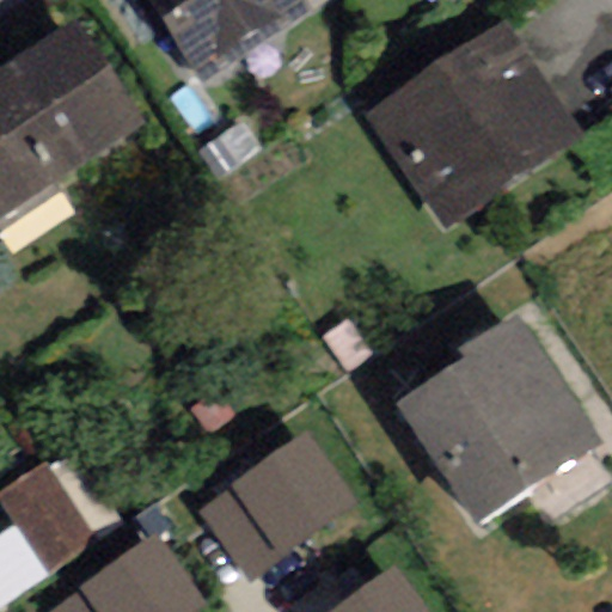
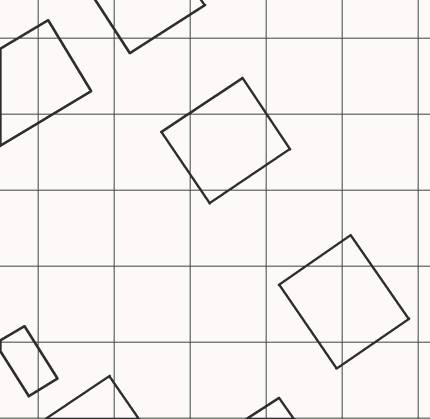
building: [381,36,564,213] -> none
building: none -> [161,78,290,203]
building: [201,430,359,576] -> none

